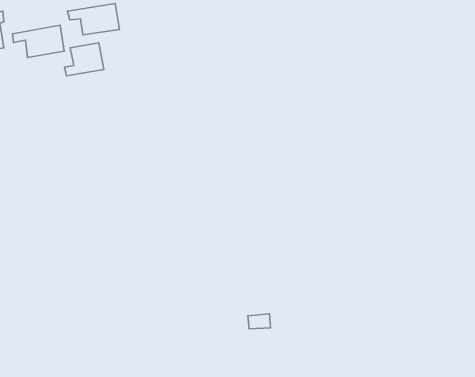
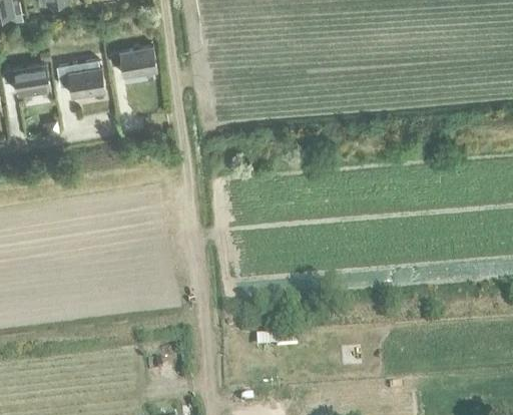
building: [65,43,104,76] -> none

